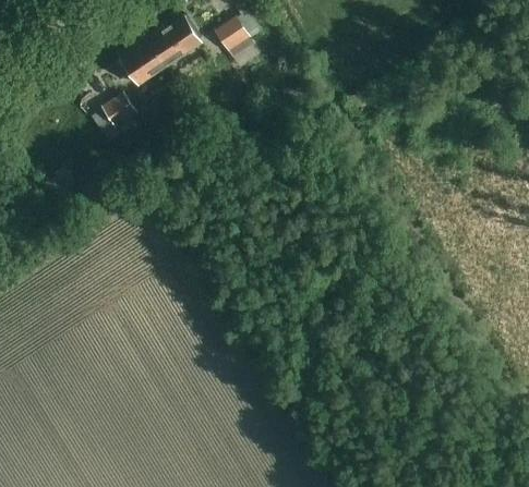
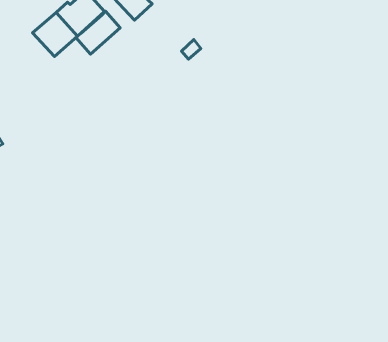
building: none -> [76,11,120,54]
building: [99,90,137,134] -> none

